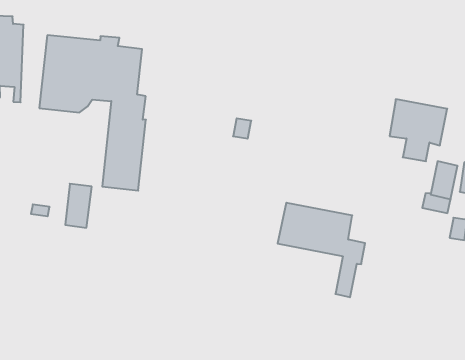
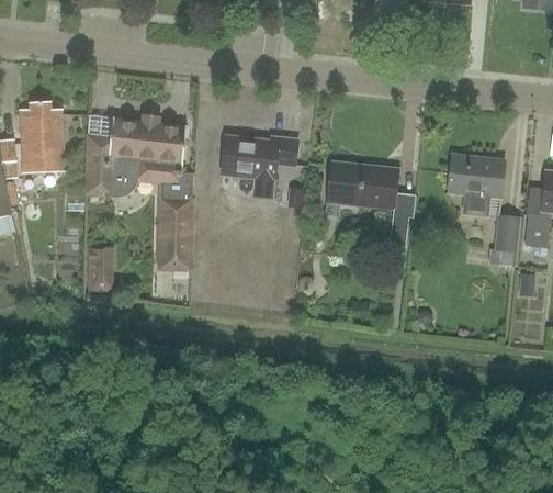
building: none -> [221,134,297,197]
building: [65,184,92,228] -> [87,246,111,290]
building: [278,203,365,297] -> [325,159,415,251]

